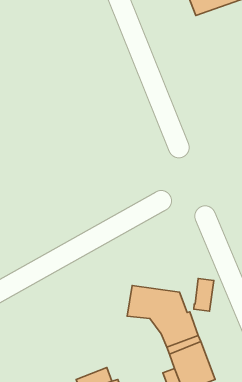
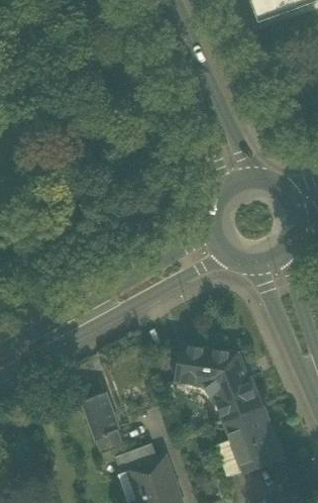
building: [194,278,214,311] -> none
building: none -> [83,395,122,450]

